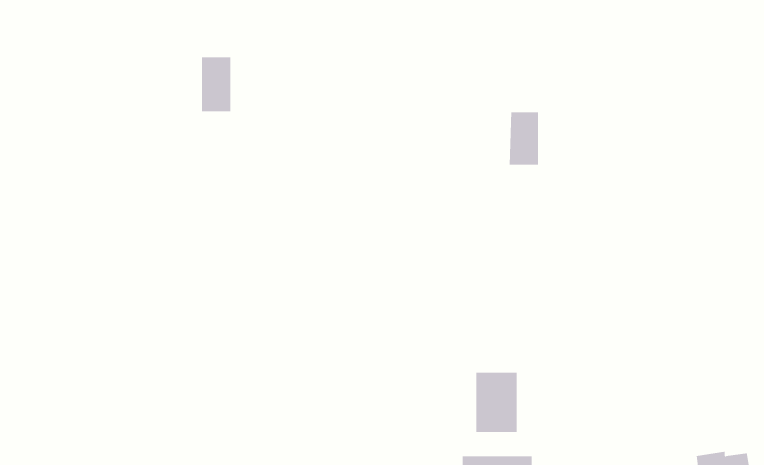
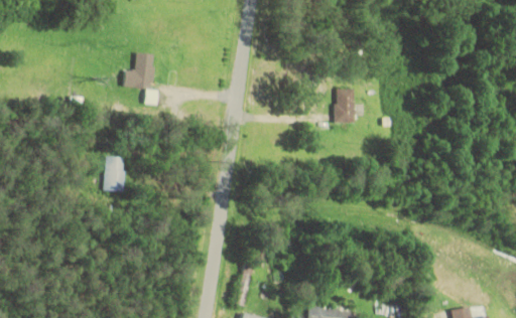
building: none -> [104,155,124,190]
building: [476,372,517,433] -> none

